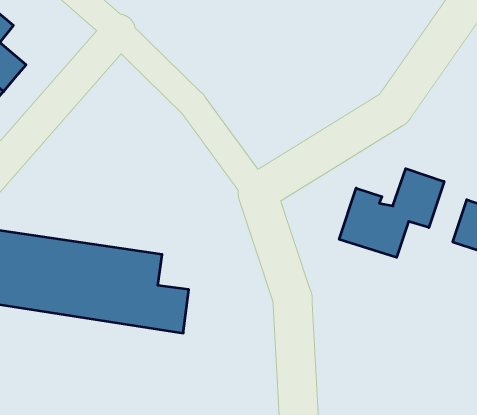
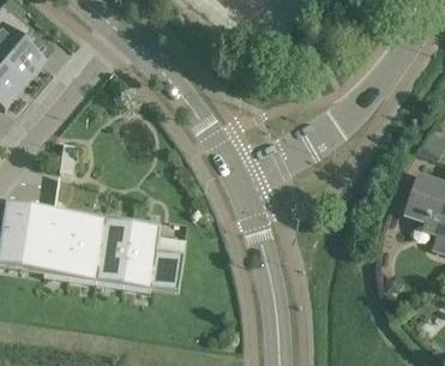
building: [339,169,444,257] -> none

